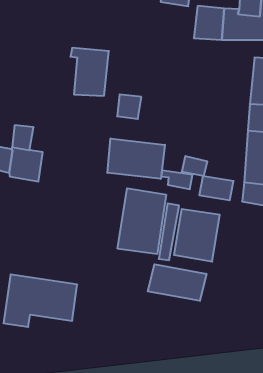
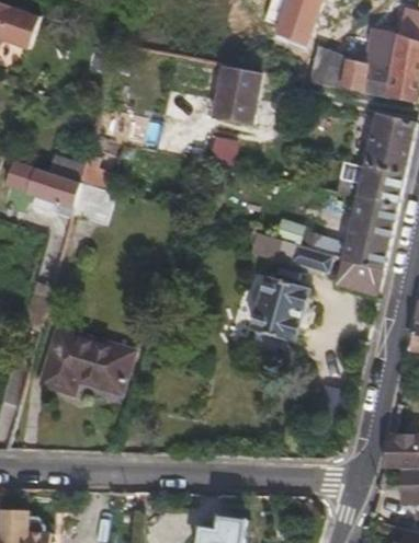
building: [70,48,109,96] -> [213,61,261,123]
building: [107,138,165,179] -> none
building: [118,188,166,254] -> none
building: [148,264,206,301] -> none

